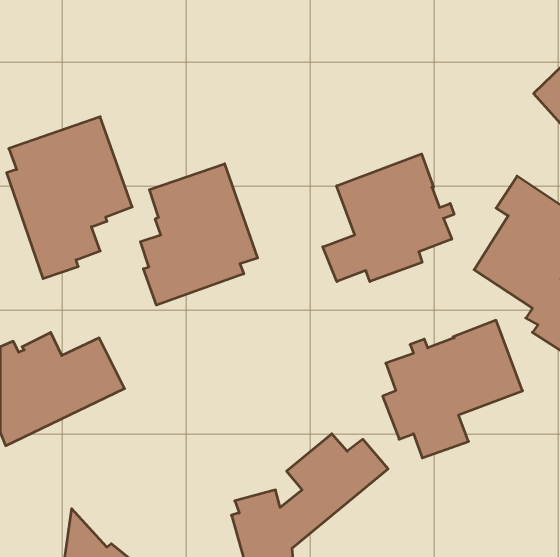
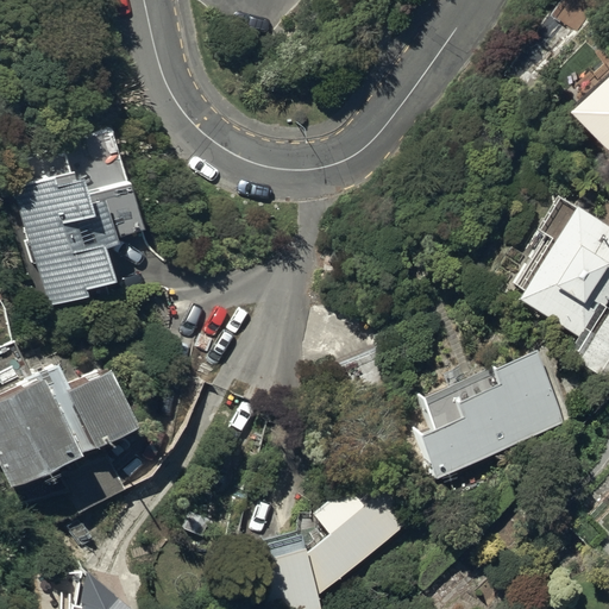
building: [323,154,454,282] -> none
building: [140,164,258,305] -> none

